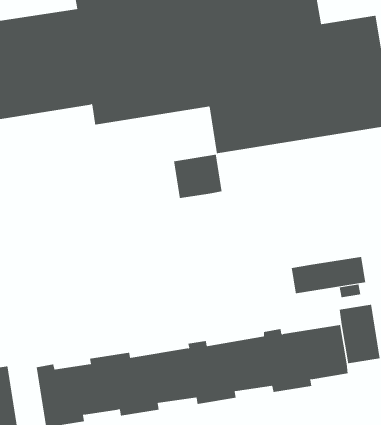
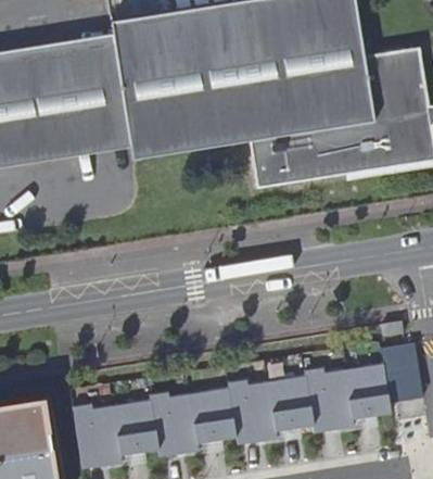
building: [174,154,222,199] -> none
building: [291,256,366,294] -> none

